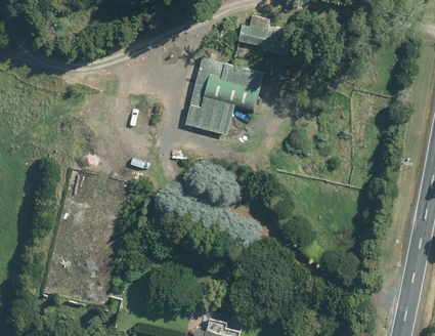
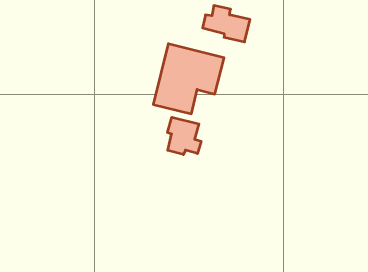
building: none -> [167,117,201,155]

